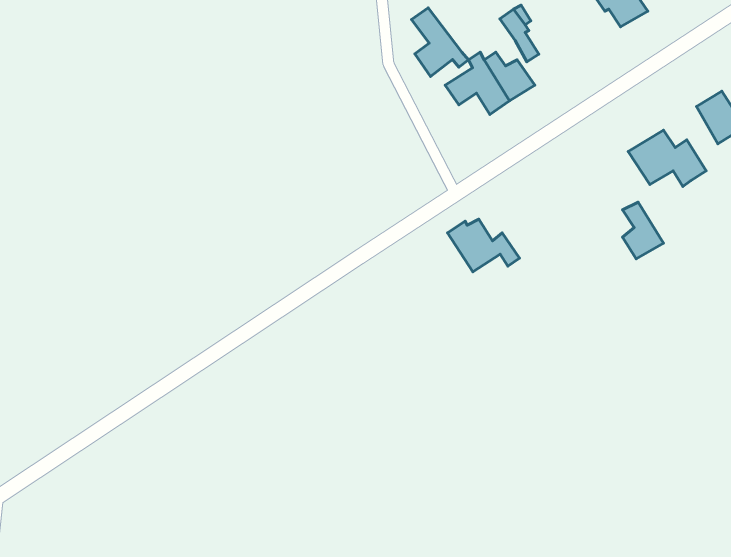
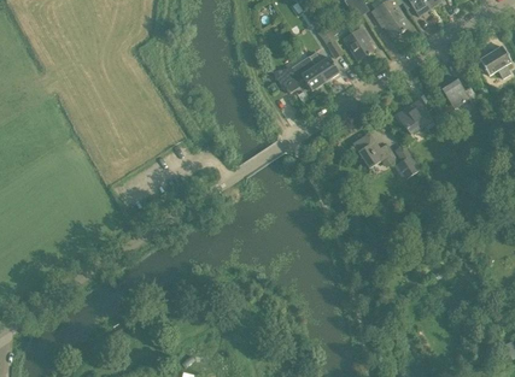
building: [411,8,469,76] -> none
building: none -> [344,26,375,60]
building: [448,219,520,272] -> [353,135,398,167]

